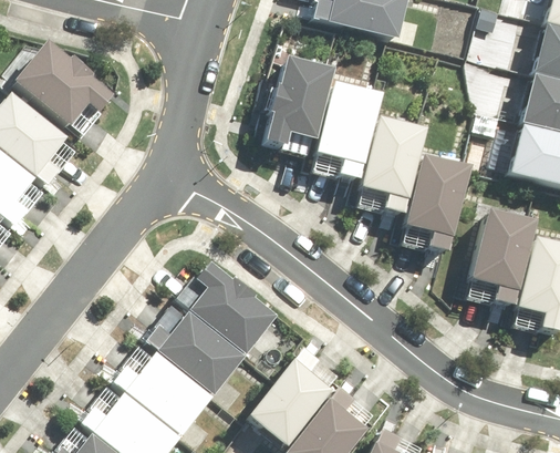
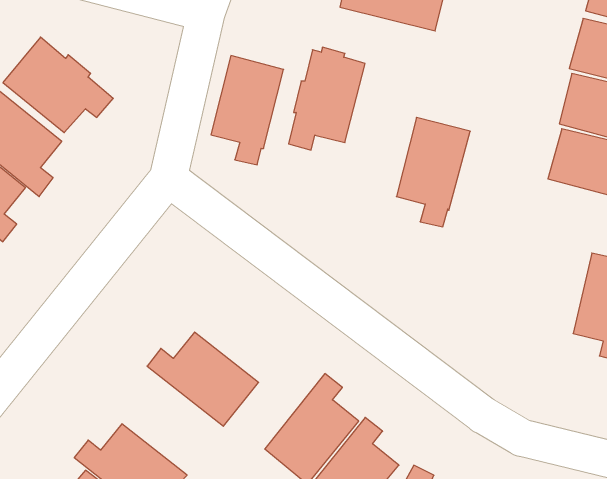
building: [321,84,385,181] -> [211,56,284,165]
building: [408,156,475,253] -> none
building: [475,210,540,307] -> none
building: [188,258,276,351] -> none
building: [113,349,212,432] -> none

